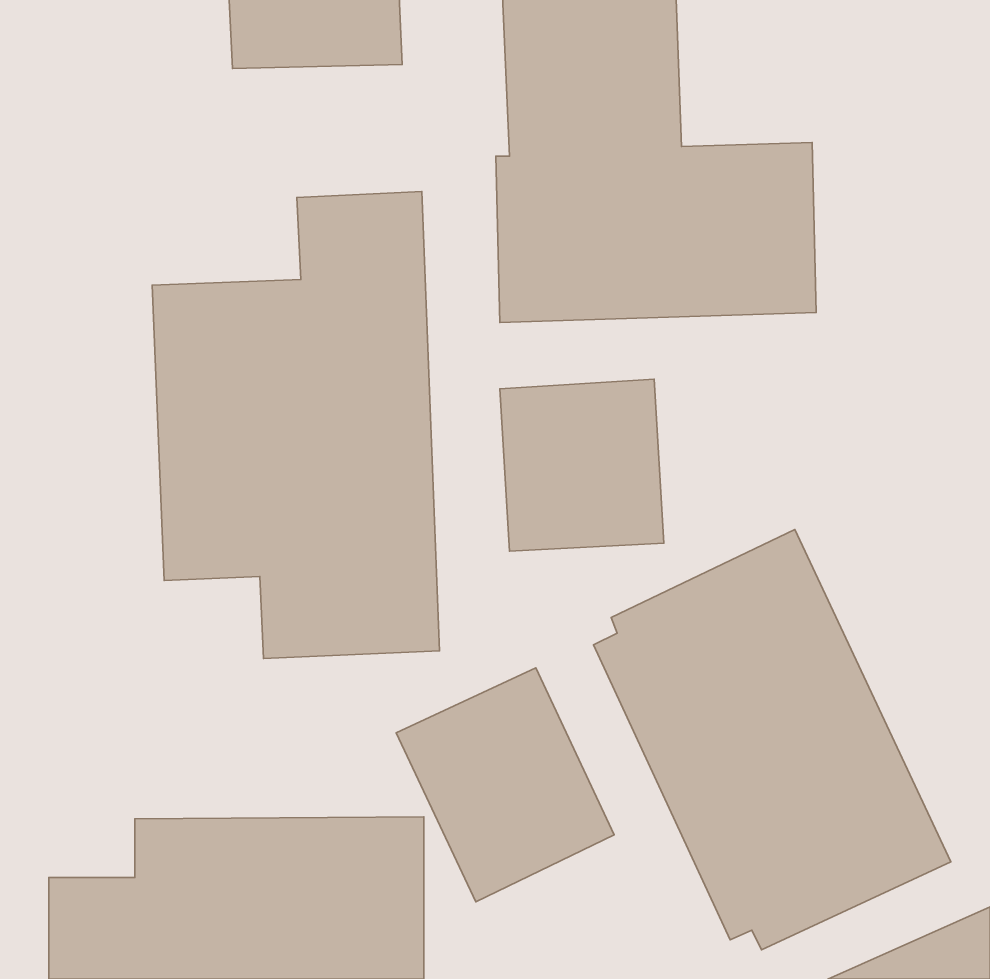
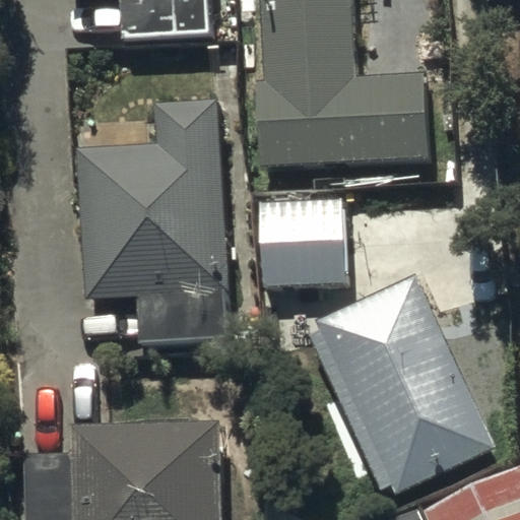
building: [396,668,614,902] -> none

